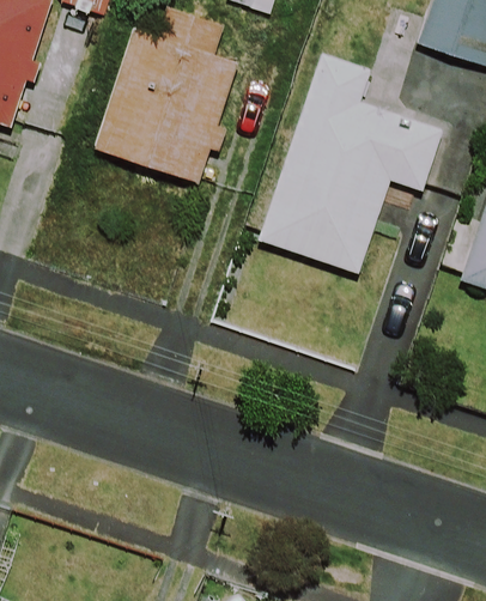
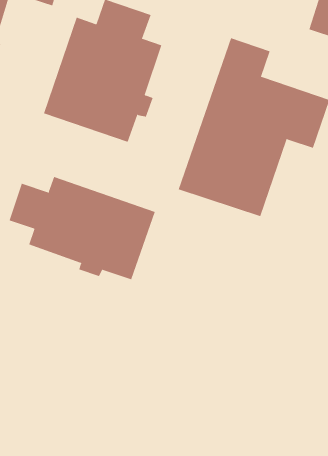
building: none -> [9,176,155,280]

